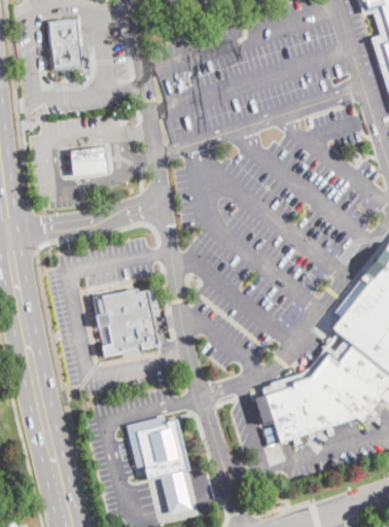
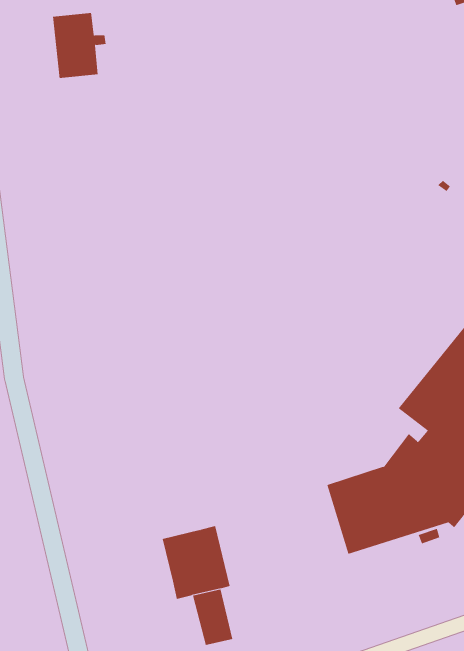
building: [73,148,111,176] -> none
building: [94,289,161,356] -> none
building: [125,415,165,465] -> none

